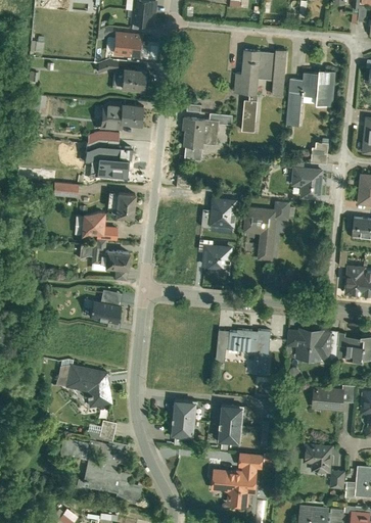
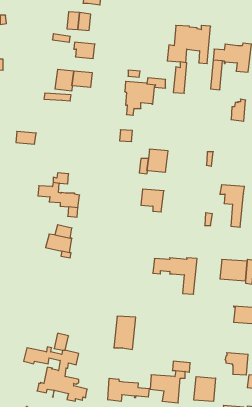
building: [84,144,131,179] -> none
building: [293,169,321,199] -> none
building: [115,194,135,219] -> none
building: [245,209,275,260] -> [220,185,244,227]
building: [81,211,103,234] -> none
building: [55,364,110,406] -> none
building: [217,405,243,445] -> none
building: none -> [194,377,216,401]
building: none -> [108,378,149,401]

